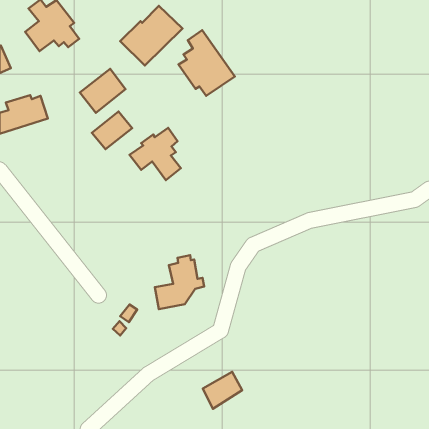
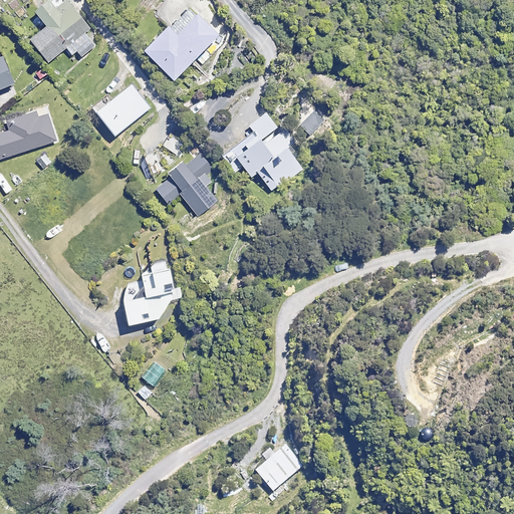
building: [179,30,235,96] -> [236,113,303,192]
building: [92,111,132,149] -> none
building: [155,255,204,309] -> [122,260,182,324]

